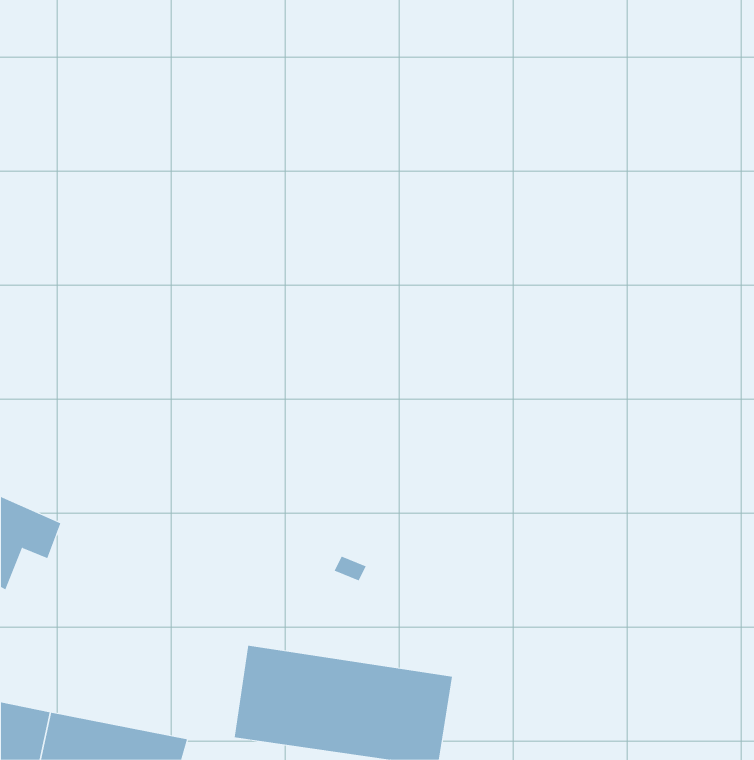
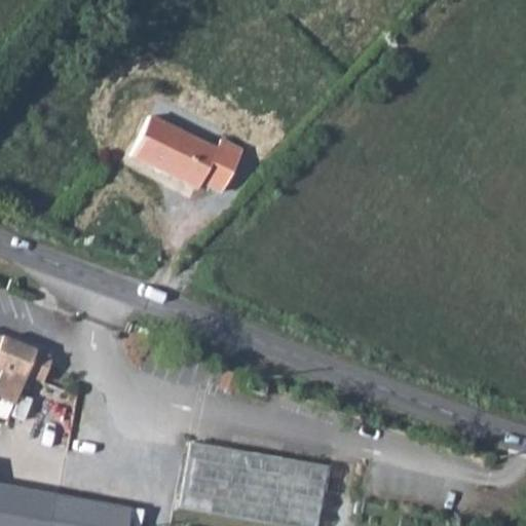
building: none -> [137,116,246,189]

